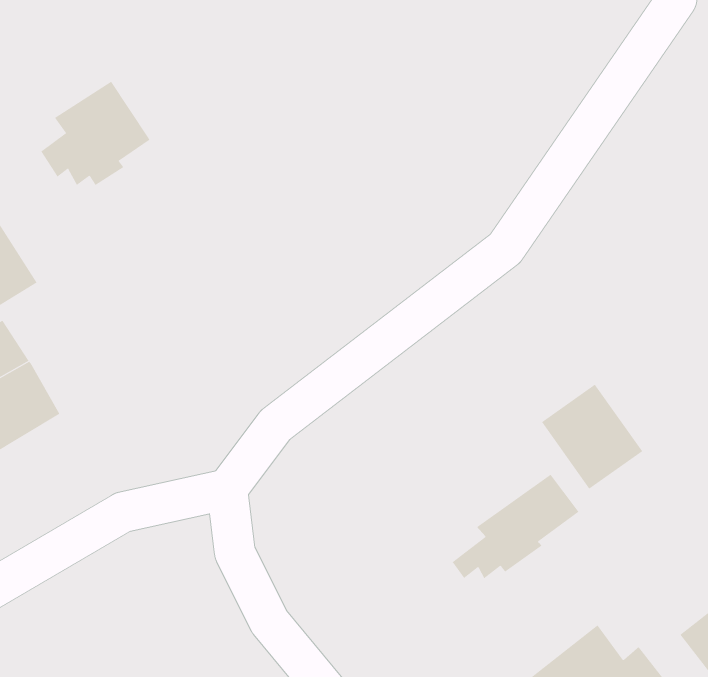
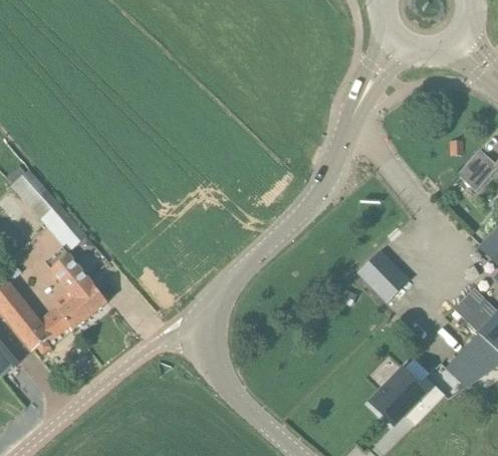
building: [40,81,150,186] -> none
building: [452,474,579,579] -> none

